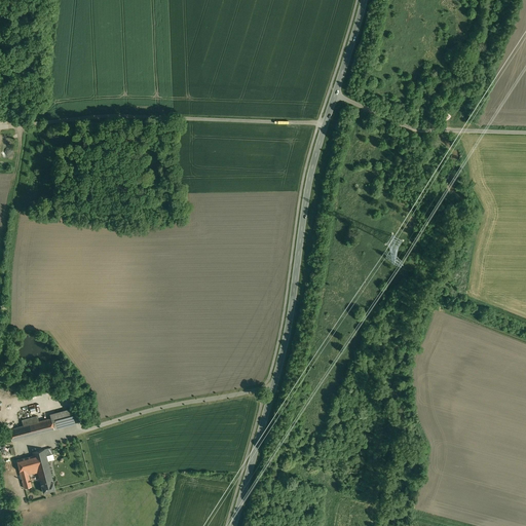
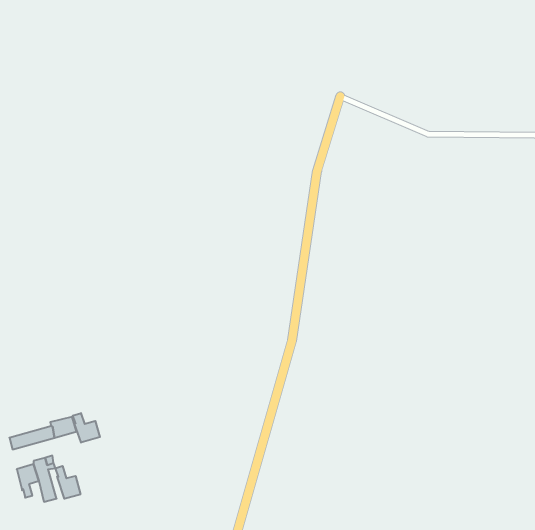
building: none -> [73,413,100,443]
building: none -> [55,466,80,499]

